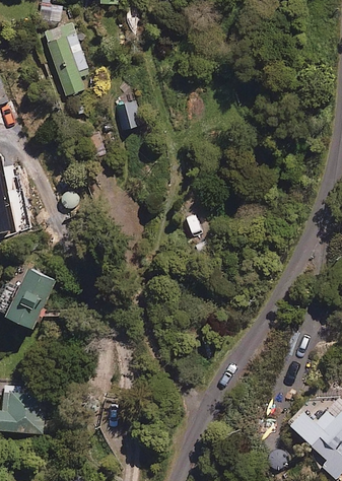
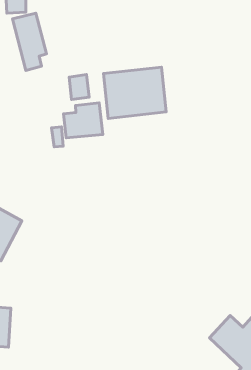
building: none -> [104,67,166,118]
building: none -> [64,103,103,138]

